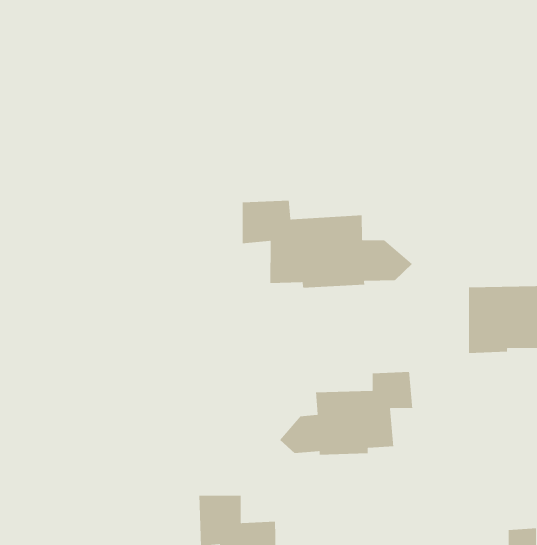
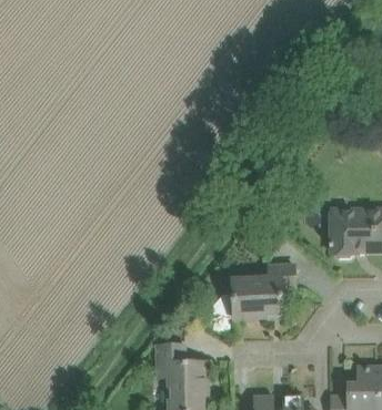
building: [242,200,413,289] -> none

